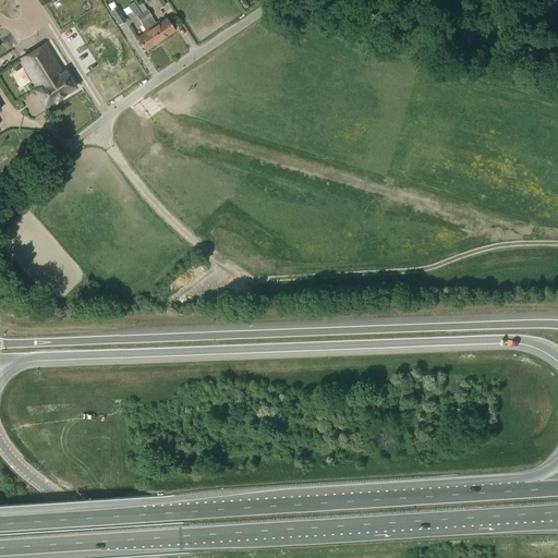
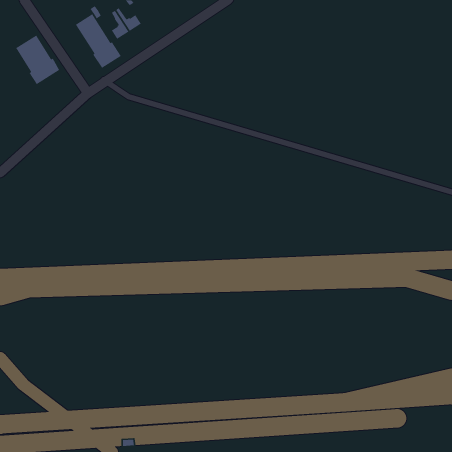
building: none -> [75,13,122,69]

